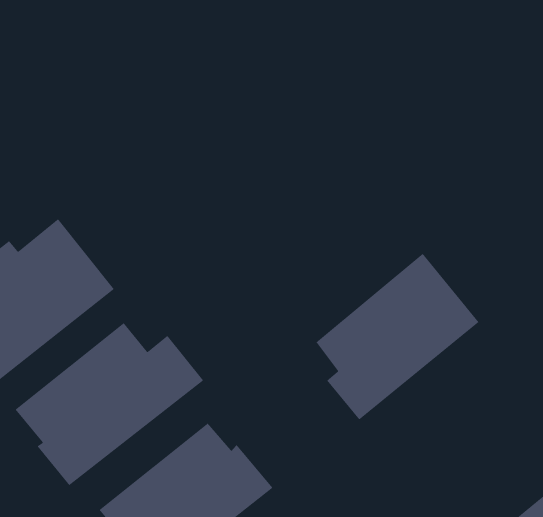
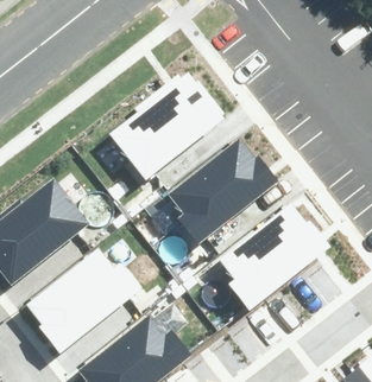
building: none -> [112,71,226,179]
building: none -> [169,136,277,246]

